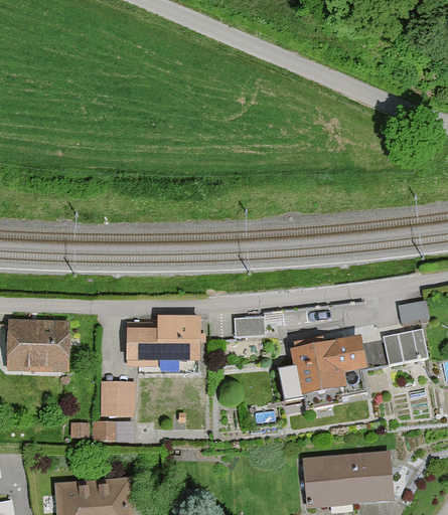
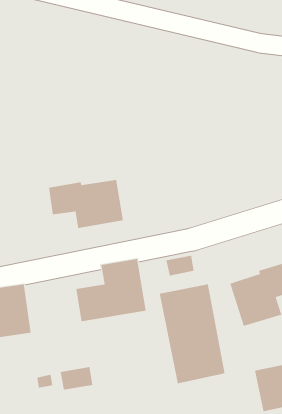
building: none -> [48,179,124,229]
building: none -> [159,284,225,384]
building: [97,382,129,416] -> none

